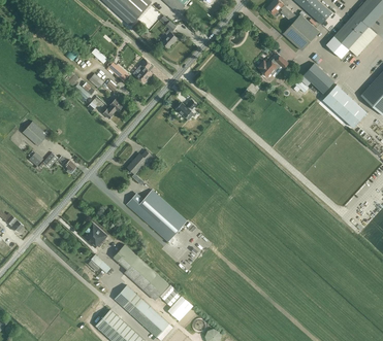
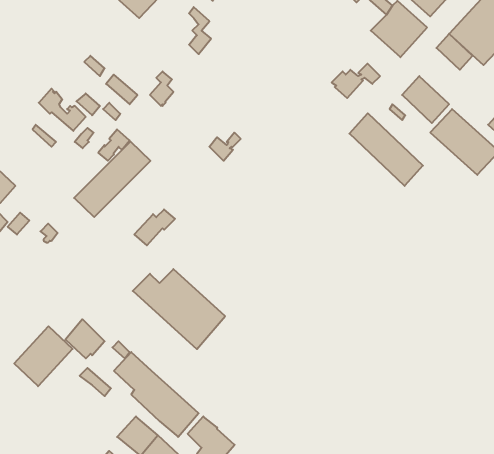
building: none -> [349,113,423,186]
building: none -> [74,142,150,217]
building: none -> [14,326,73,386]

